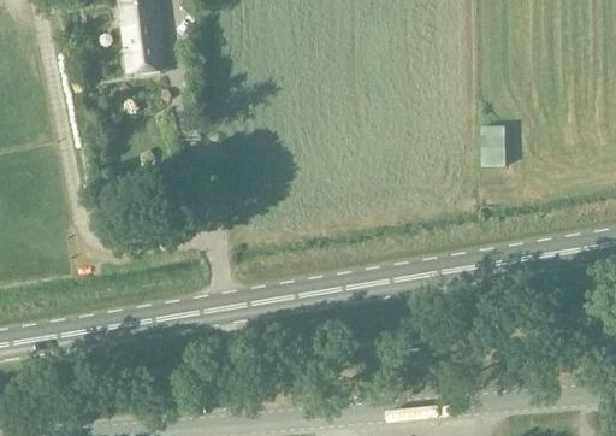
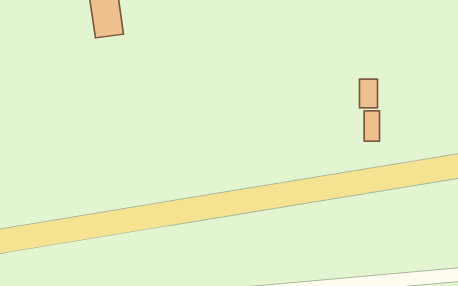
building: none -> [364,111,380,141]

